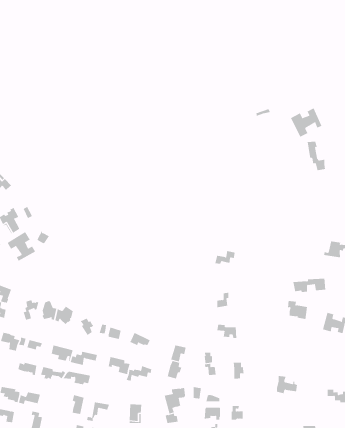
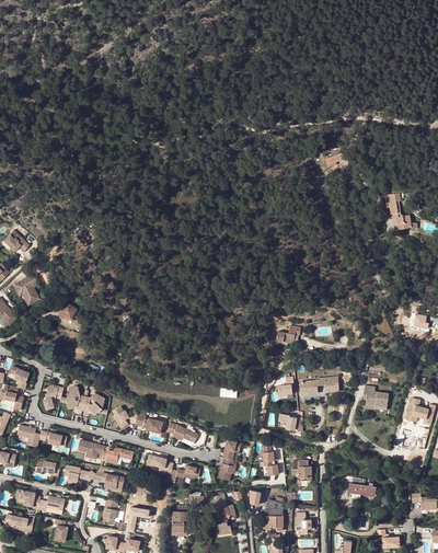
building: [290,107,322,138] -> none
building: [7,231,36,261] -> none
building: [293,278,326,293] -> [299,377,339,394]

